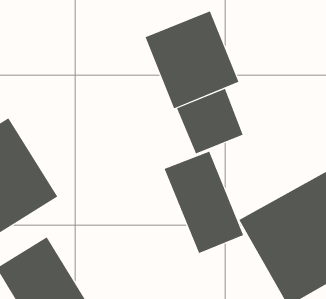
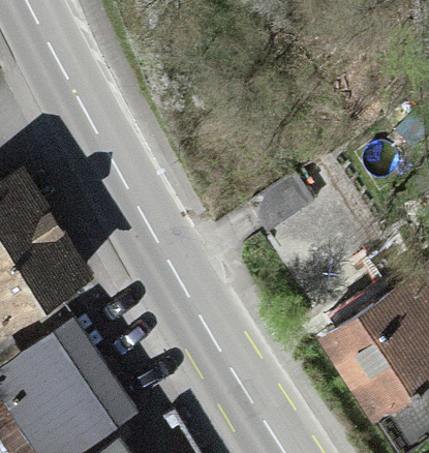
building: [145,11,239,109] -> none
building: [164,151,244,254] -> none

